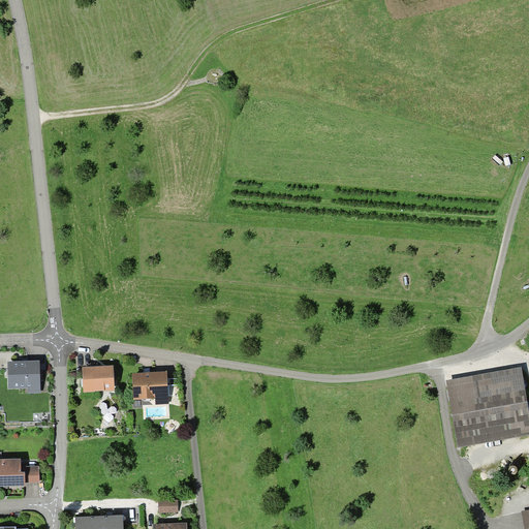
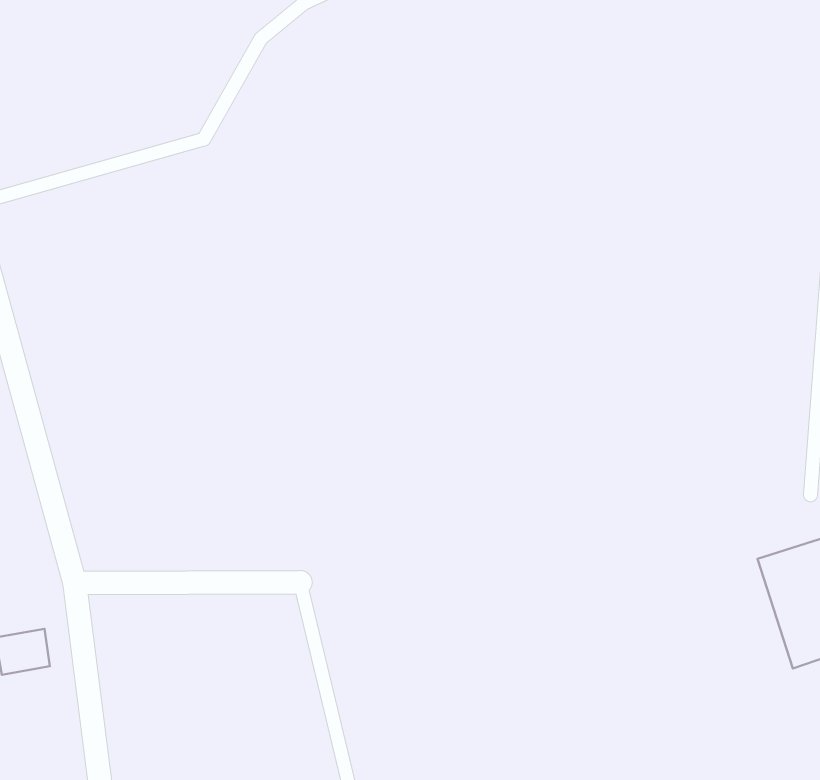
building: [82,366,113,390] -> none
building: [134,373,166,400] -> none

